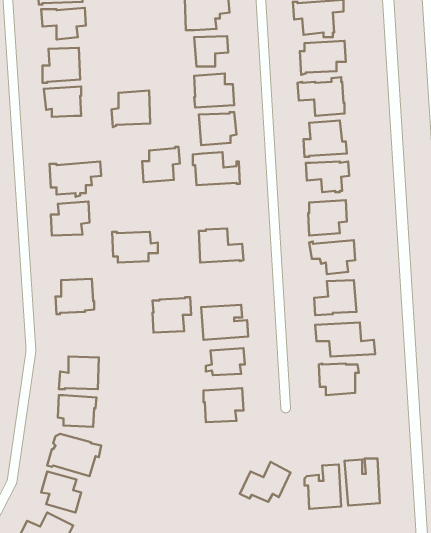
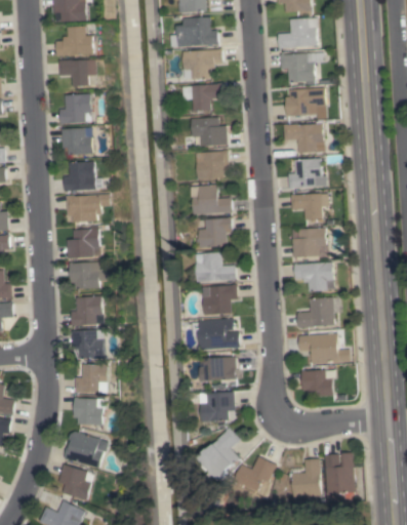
building: [112,91,150,127] -> [64,161,97,193]
building: [142,147,180,182] -> [200,217,233,248]
building: [112,232,158,262] -> [70,262,110,289]
building: [152,297,191,332] -> [204,284,238,315]
building: none -> [72,330,107,359]
building: none -> [200,428,241,481]

